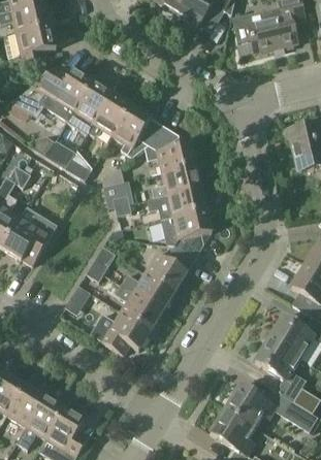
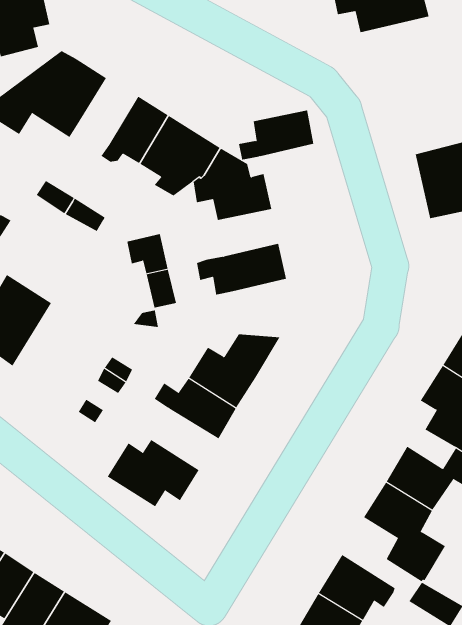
building: [68,81,111,133] -> none
building: [153,165,201,197] -> [238,110,314,160]
building: [161,209,212,247] -> none
building: [116,286,163,331] -> none

